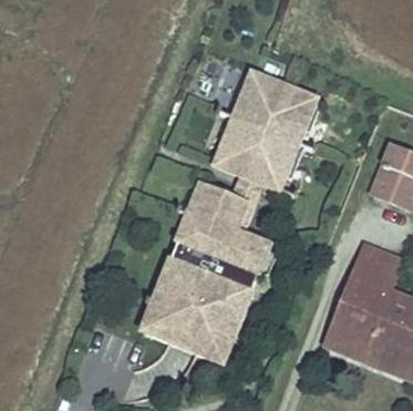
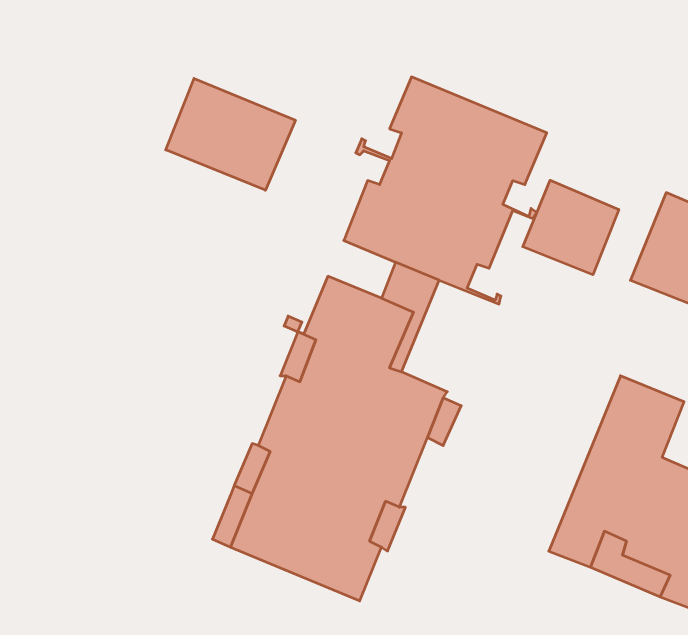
building: none -> [166,78,295,190]
building: none -> [523,180,619,275]

